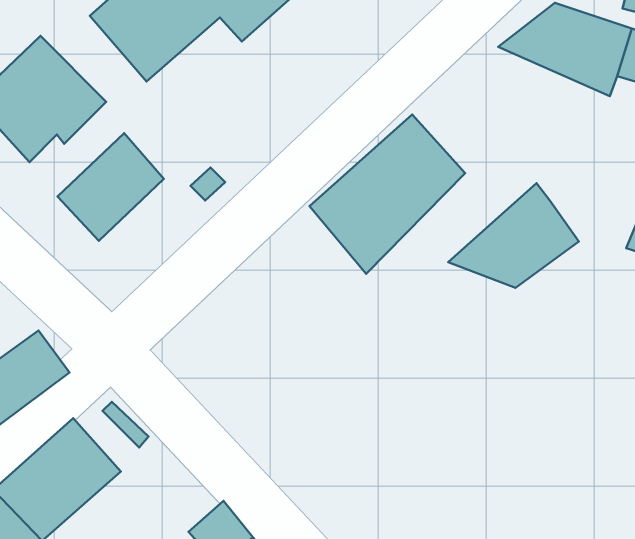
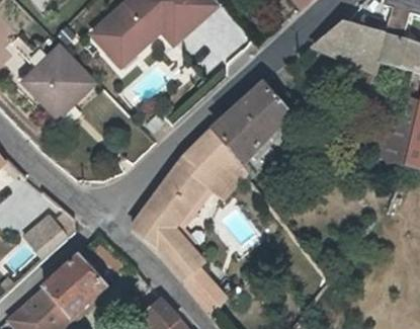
building: [57,133,164,241] -> none
building: [448,183,579,288] -> none
building: none -> [132,137,247,315]

